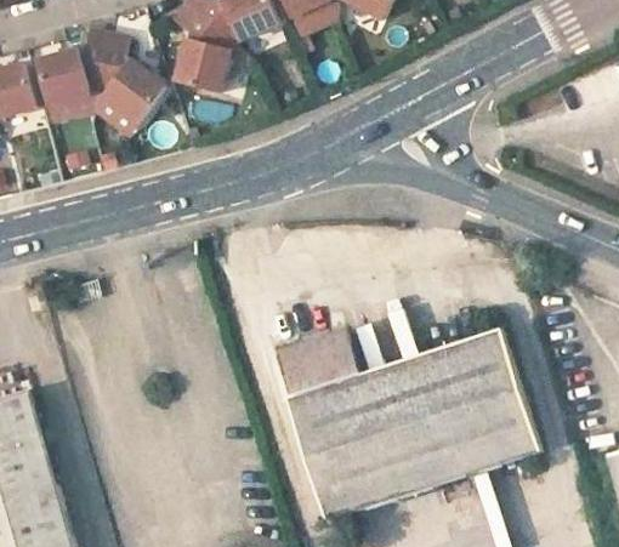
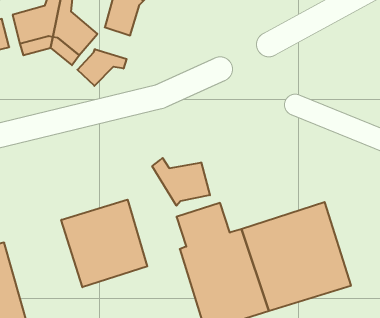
building: none -> [77,49,127,86]
building: none -> [152,158,210,206]
building: none -> [61,200,147,287]

